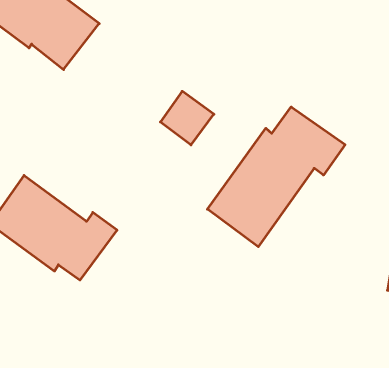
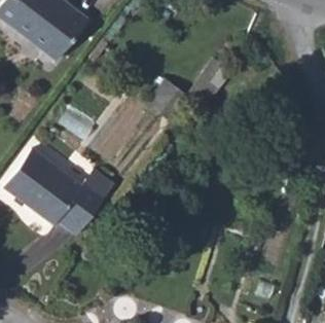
building: [207,107,345,247] -> none

